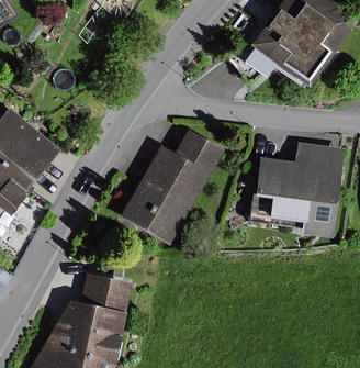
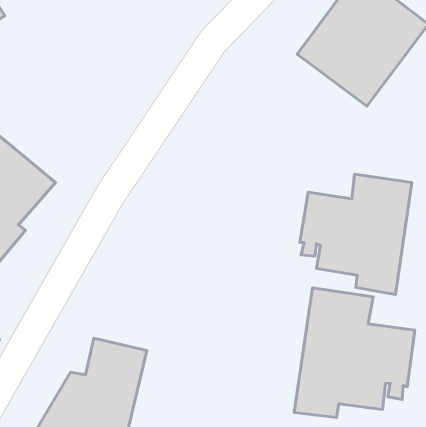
building: [121,130,225,245] -> none
building: none -> [294,288,415,418]

